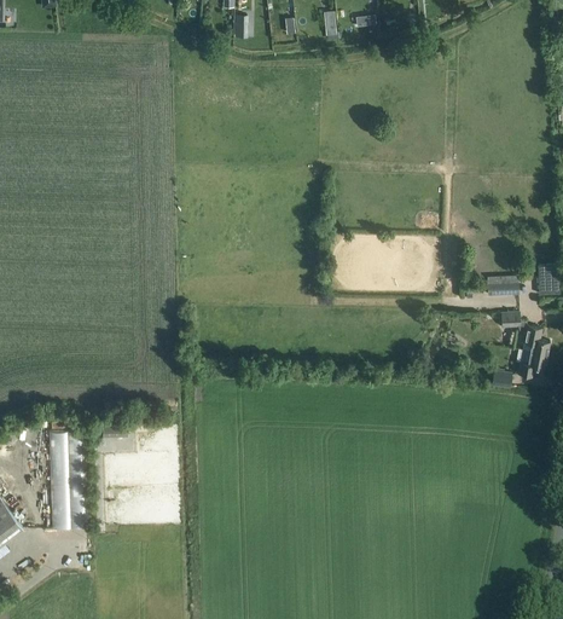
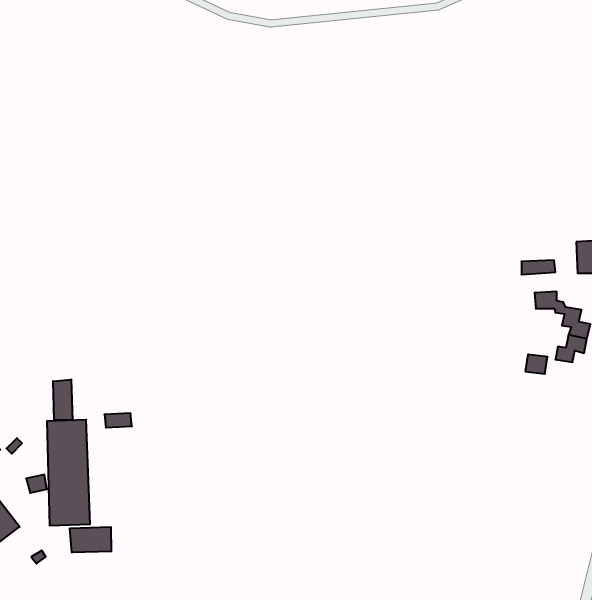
building: none -> [53,379,73,420]
building: none -> [70,527,111,553]

